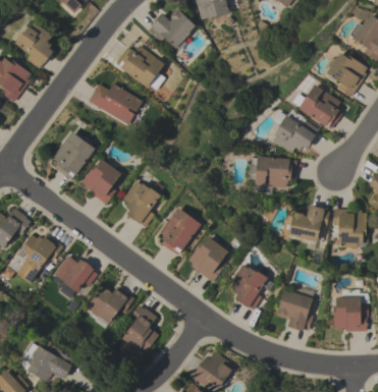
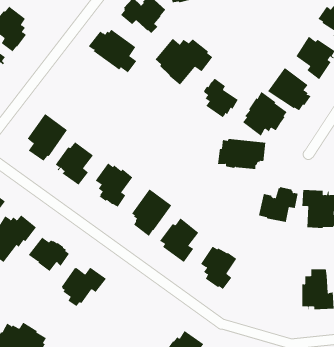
building: none -> [155,38,213,85]
building: [89,82,142,124] -> none
building: none -> [203,78,238,118]
building: [275,290,314,331] -> none
building: [121,304,158,352] -> none

